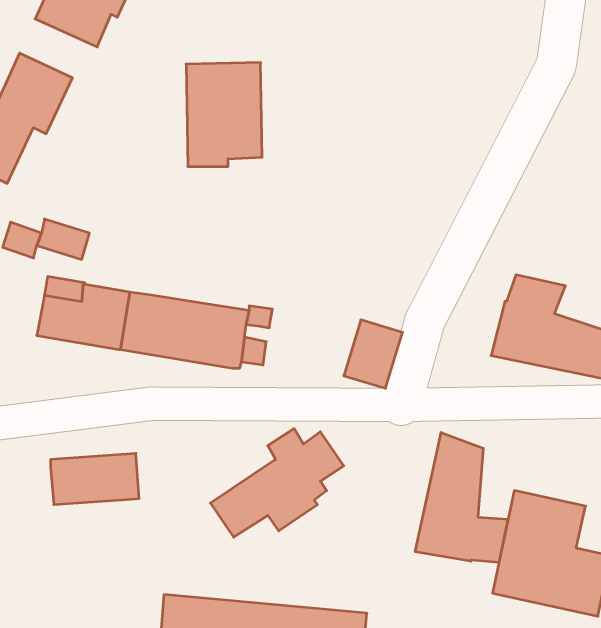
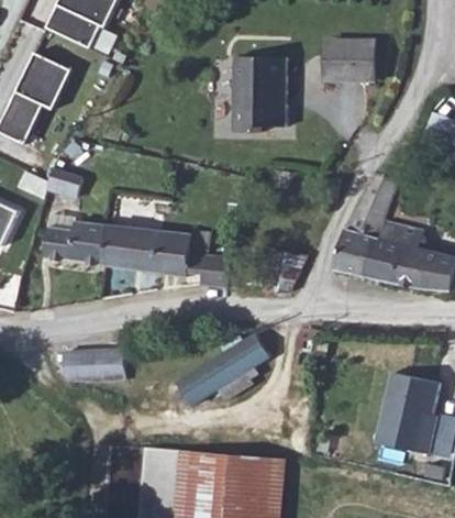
building: none -> [330,45,377,84]
building: [186,63,262,166] -> [240,60,293,134]
building: none -> [334,173,395,272]
building: [415,432,508,563] -> none

